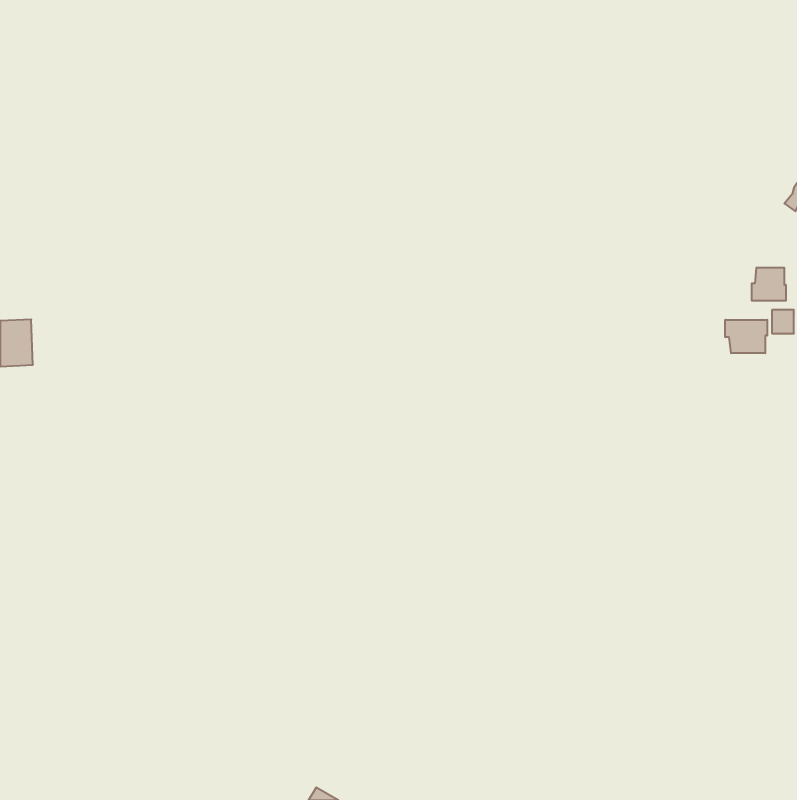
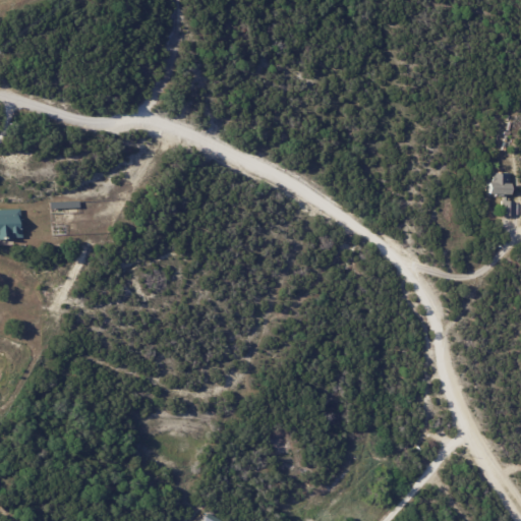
building: [725,320,767,353] -> none

